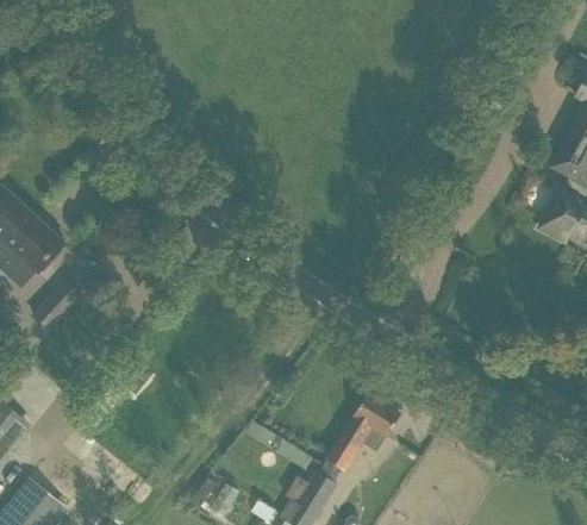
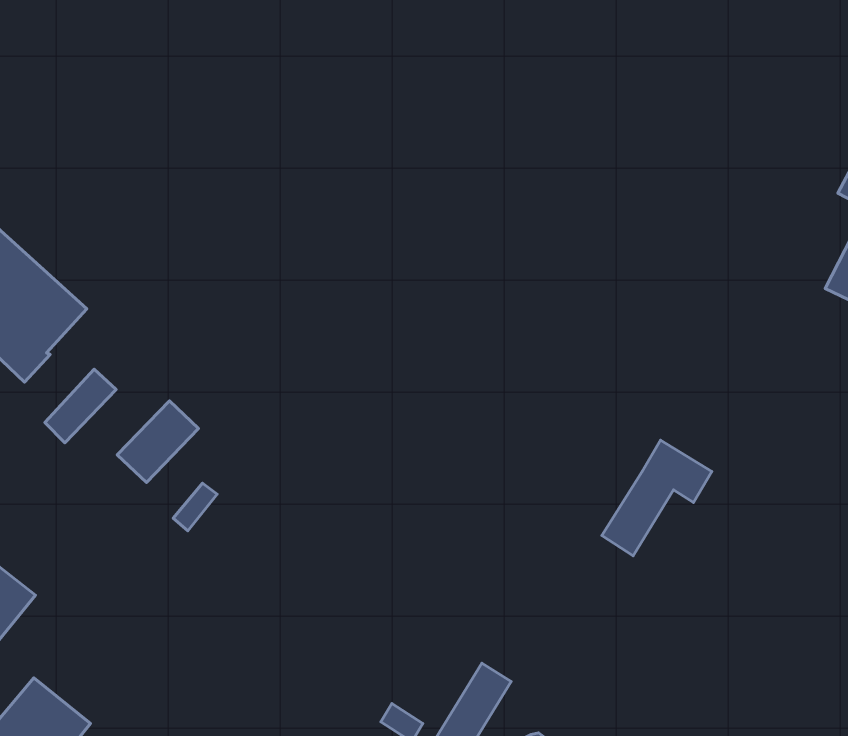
building: none -> [117,401,199,482]
building: [329,395,400,470] -> [602,440,712,556]

